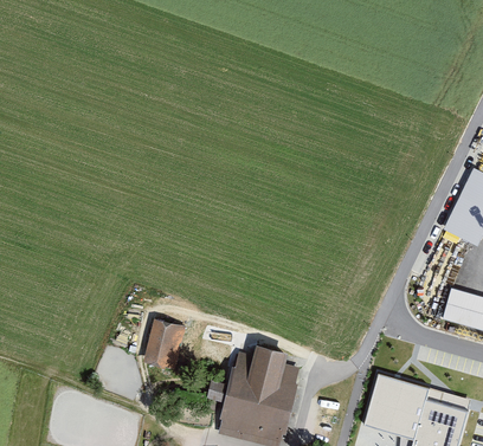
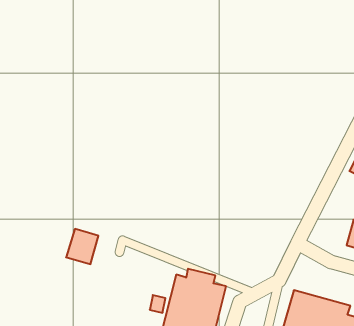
building: [142,319,181,362] -> [66,229,98,264]

